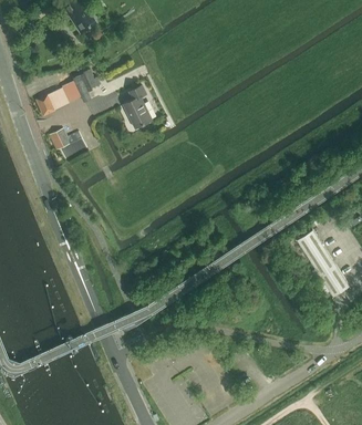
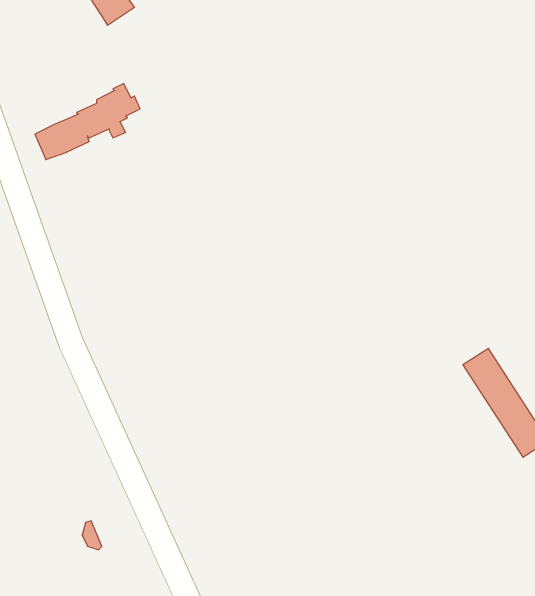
building: [123,86,152,128] -> none
building: [49,128,86,158] -> none

